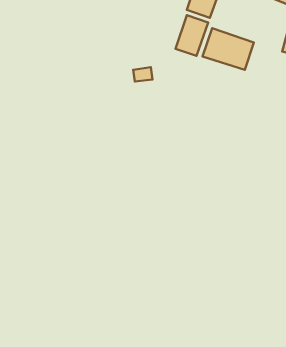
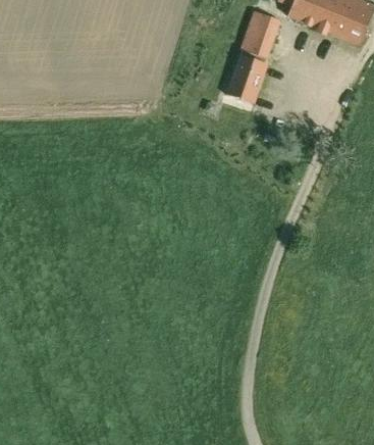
building: [203,28,254,70] -> none

